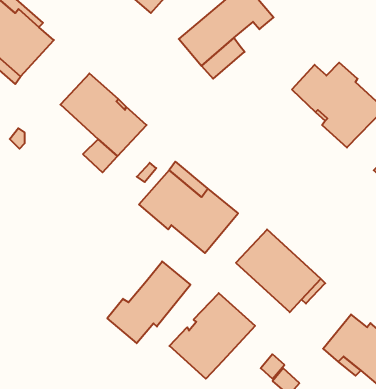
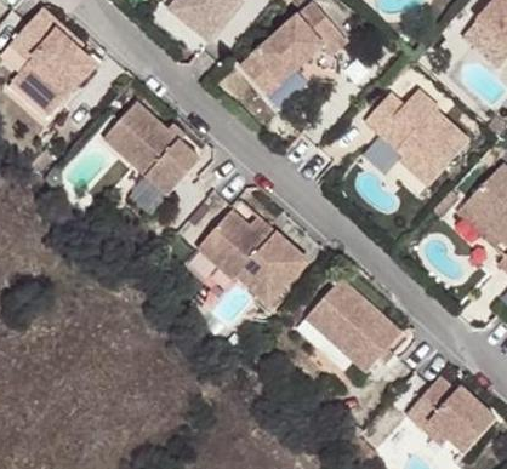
building: [107,261,190,343] -> none
building: [169,293,255,379] -> none

